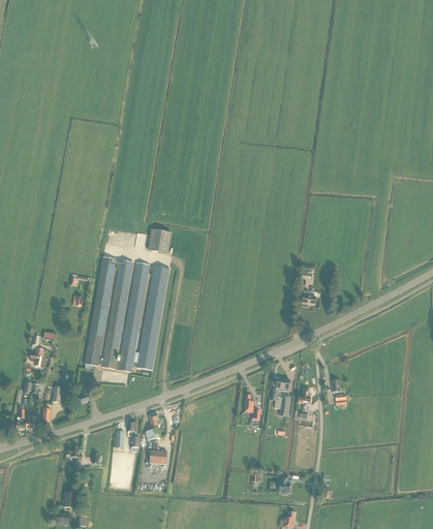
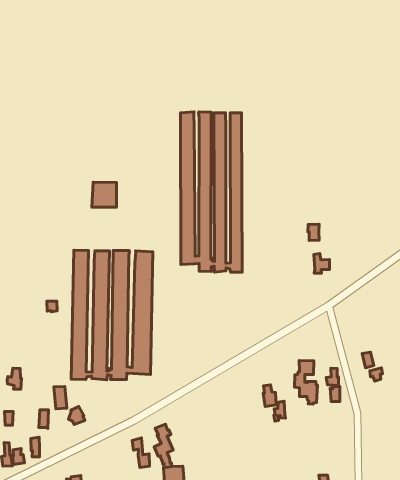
building: none -> [181,112,242,272]
building: [148,228,172,252] -> [92,182,117,207]

